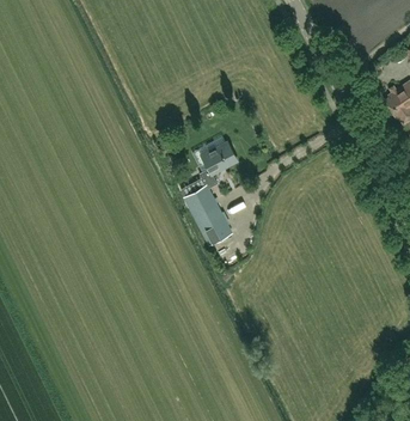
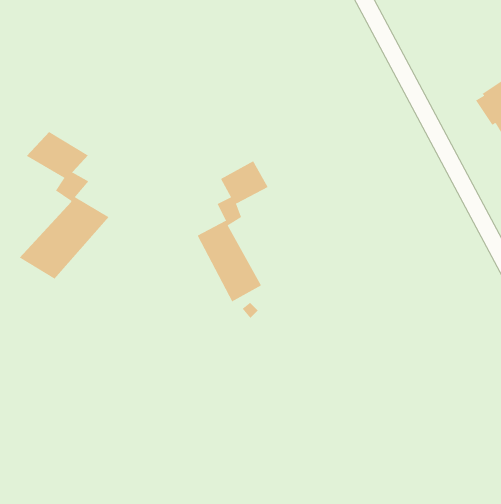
building: none -> [19,131,110,279]

